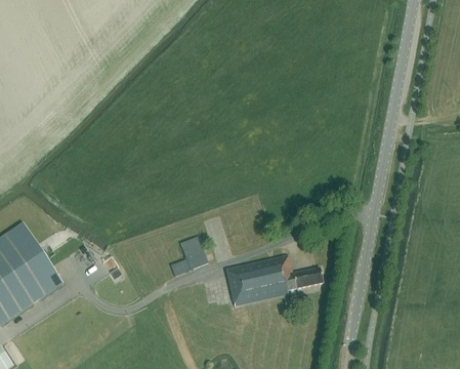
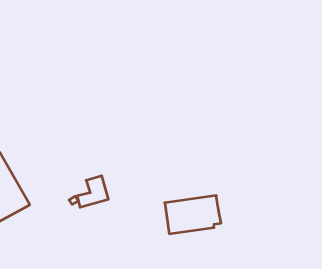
building: [170,236,208,276] -> [77,176,108,207]
building: [292,268,324,288] -> none

